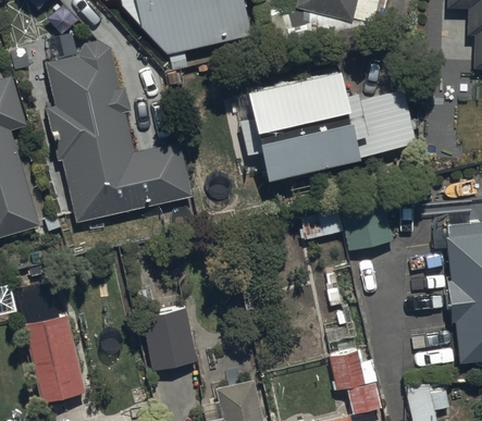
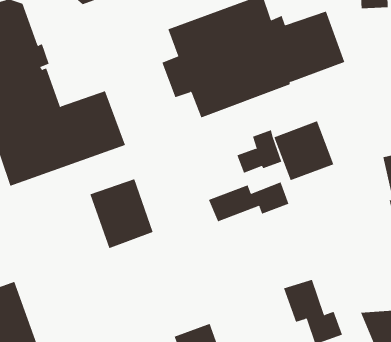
building: none -> [208,182,289,222]
building: [140,306,198,371] -> [90,178,154,249]

